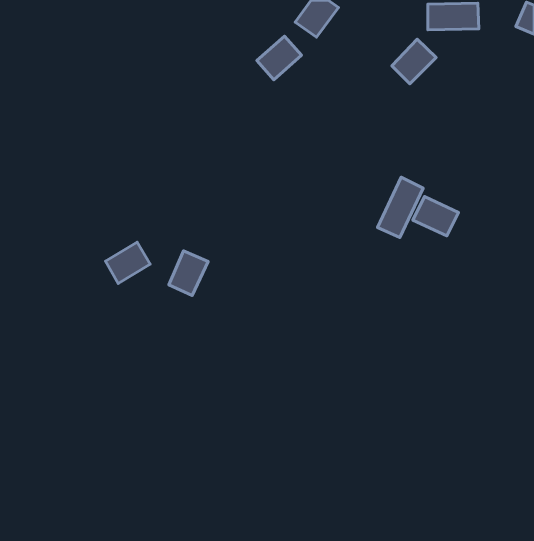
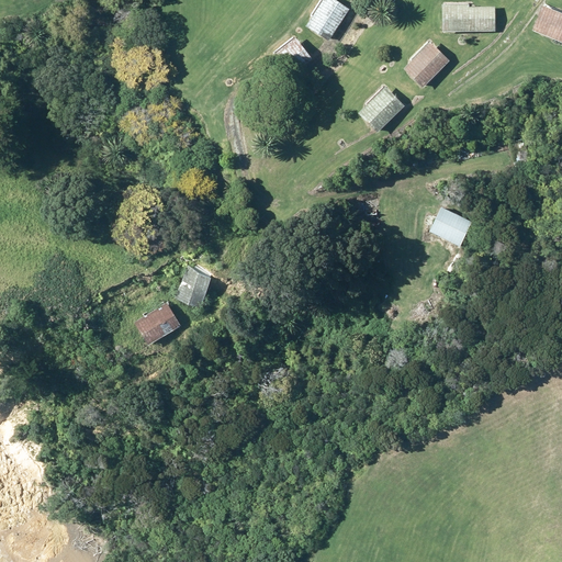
building: none -> [359,88,406,133]
building: [378,177,423,238] -> none
building: [105,242,150,283] -> [134,301,180,344]

